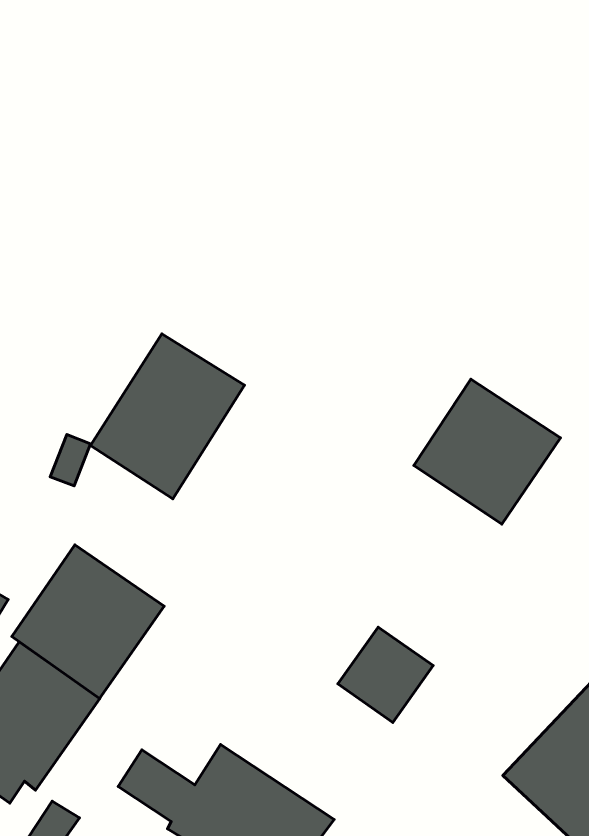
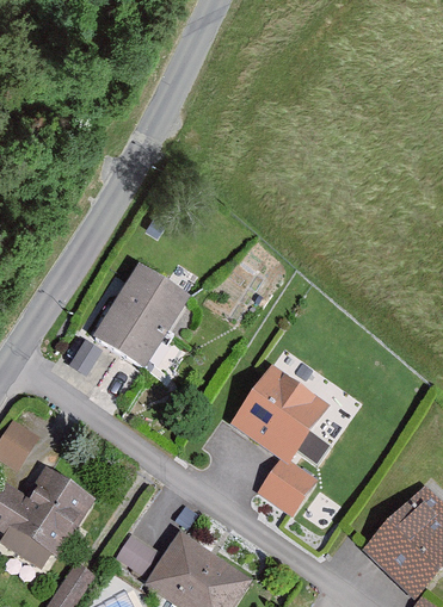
building: [414,379,561,524] -> [234,367,330,462]
building: [12,545,164,698] -> none

